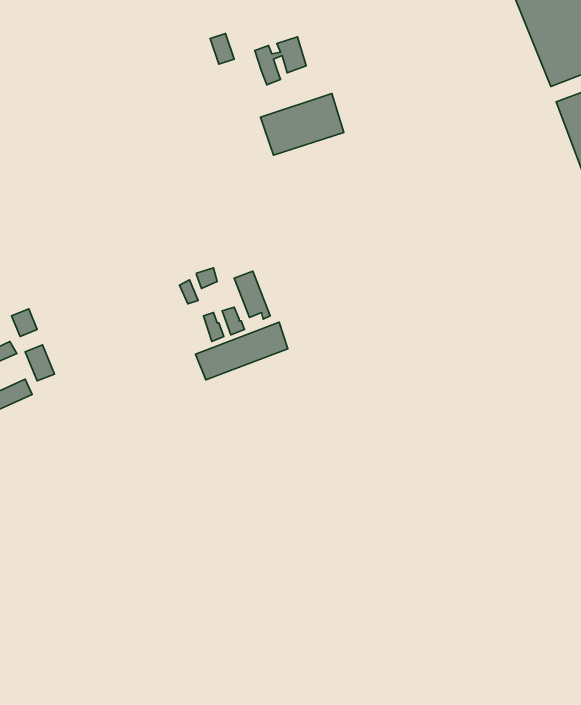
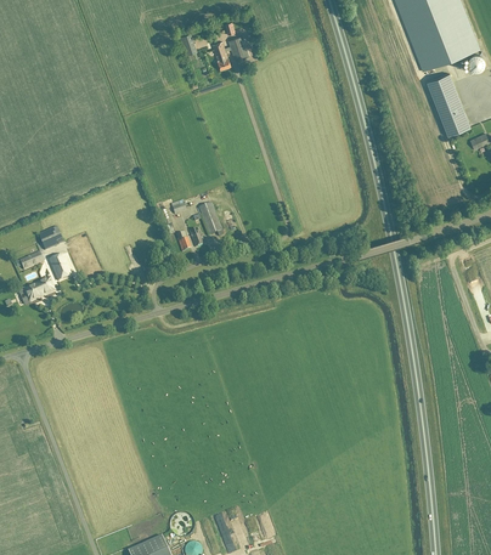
building: [261,93,344,155] -> none
building: [196,322,288,380] -> none

